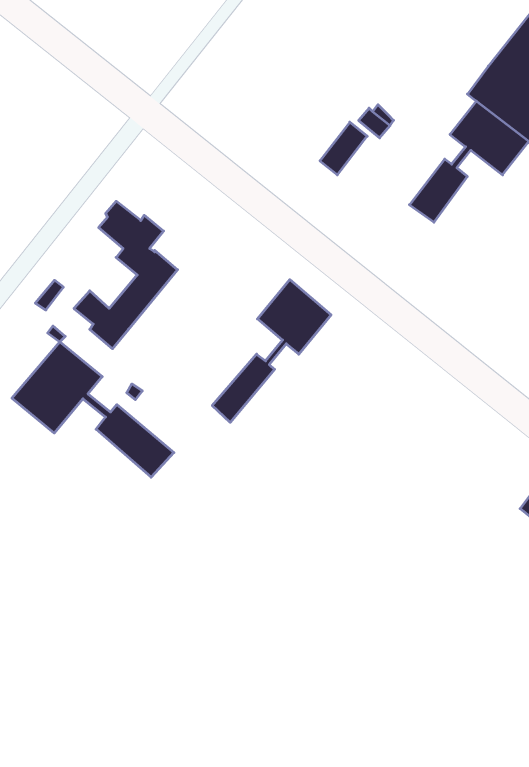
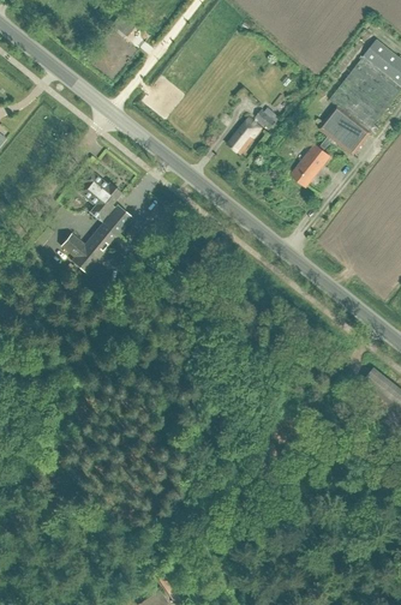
building: [212,280,331,422] -> none
building: [12,342,174,477] -> none

